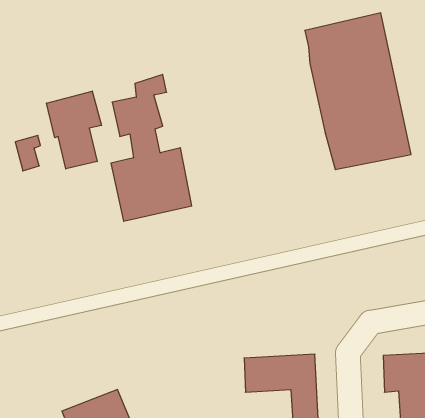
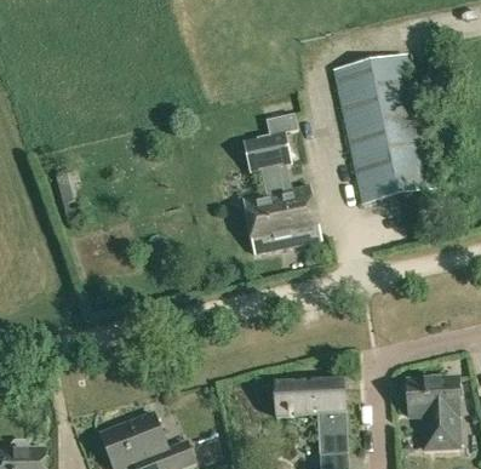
building: [111,74,192,221] -> [242,113,320,253]
building: [47,91,102,169] -> none

